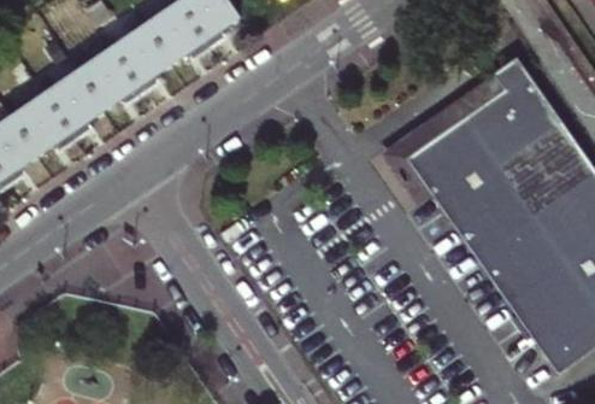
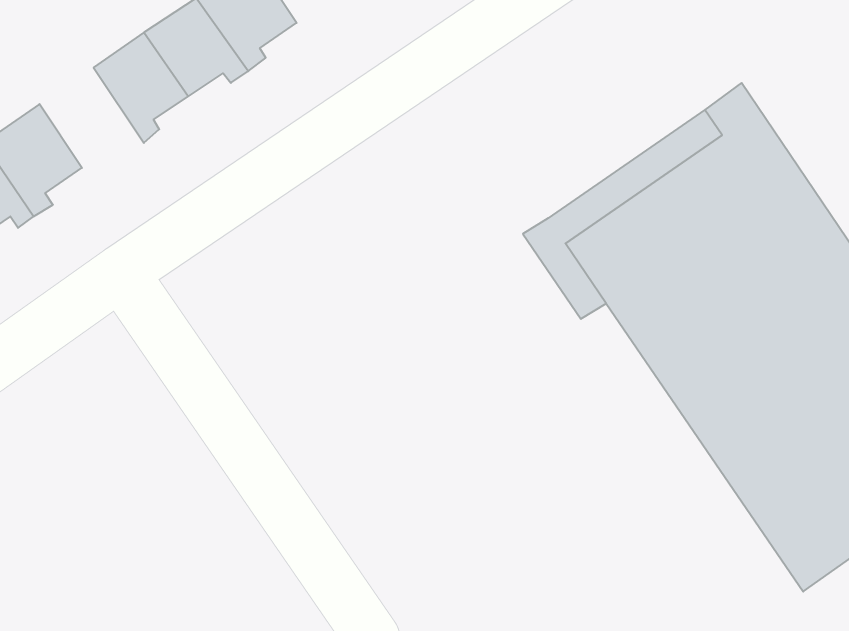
building: [81,45,146,107] -> none

